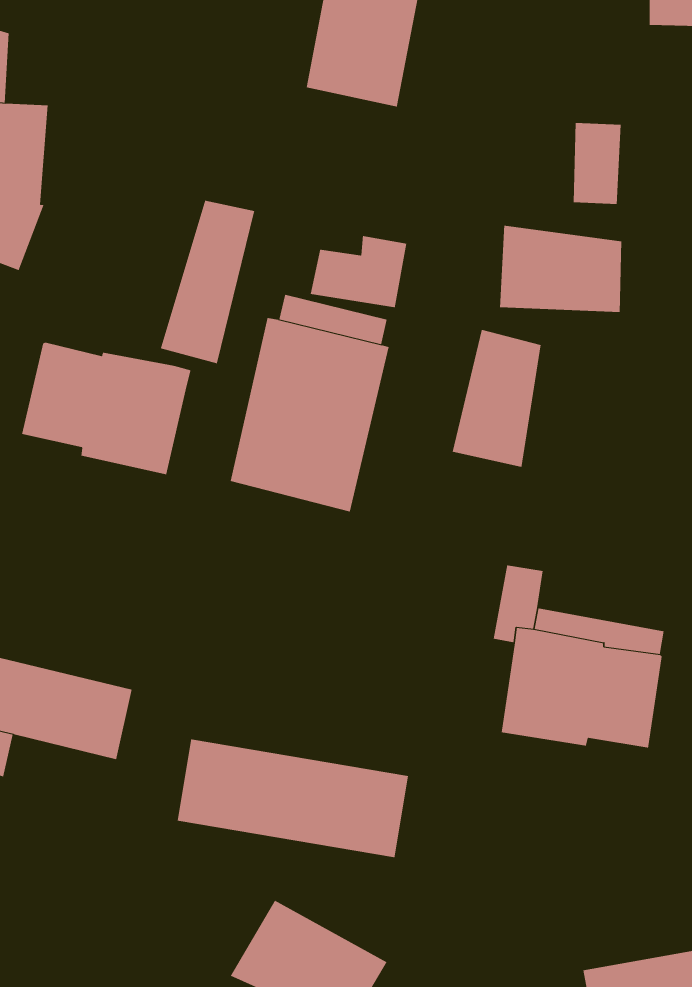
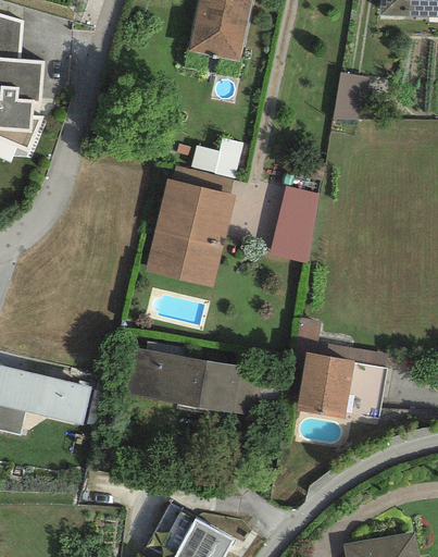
building: [160,200,255,364] -> none
building: [499,225,622,313] -> none
building: [21,342,191,475] -> none
building: [177,739,409,858] -> [125,348,254,414]

